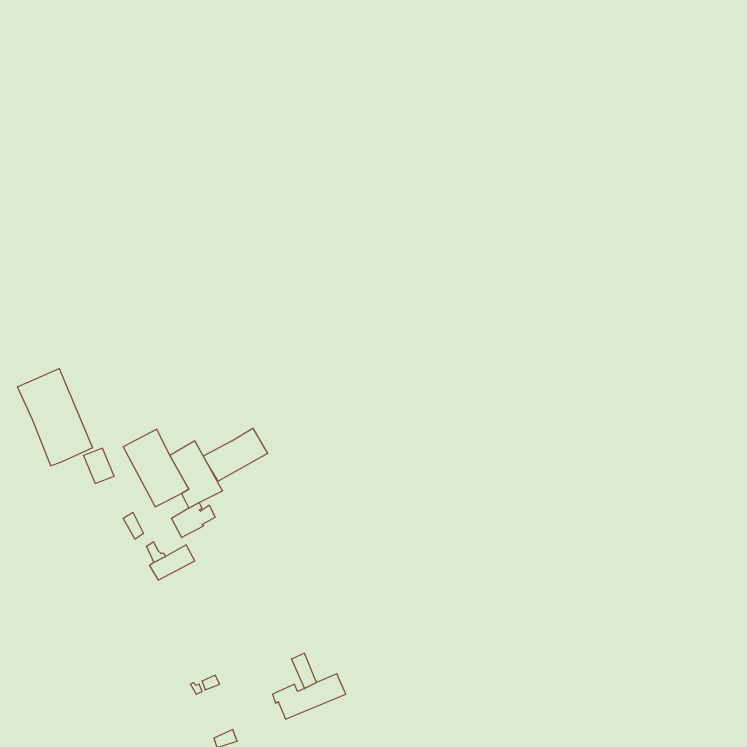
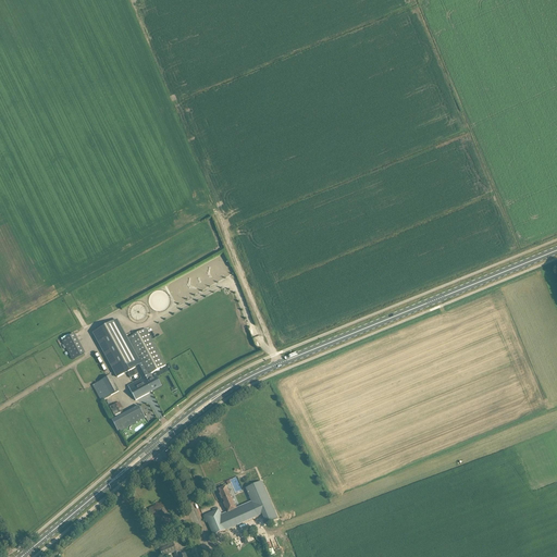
building: [17,369,93,466] -> none
building: [204,428,268,481] -> none
building: none -> [245,481,277,522]

